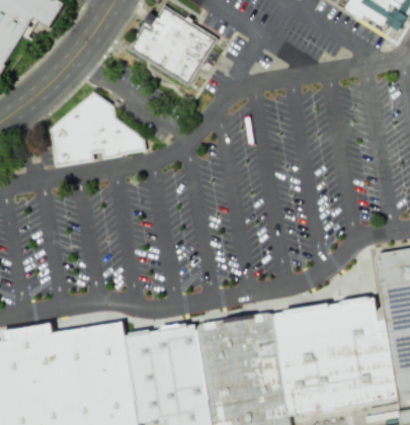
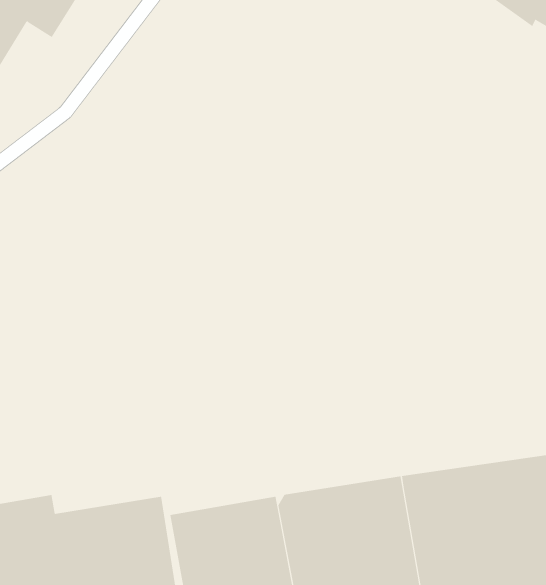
building: [128,7,217,83] -> none
building: [51,92,145,167] -> none

